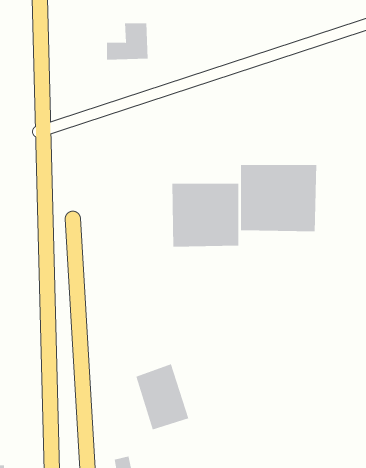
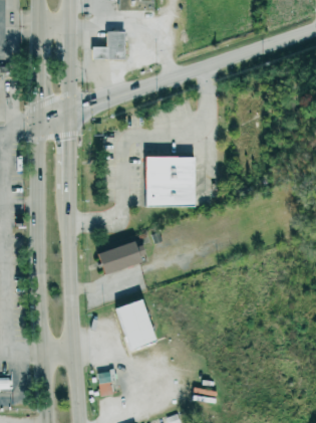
building: [241,164,317,232] -> none
building: none -> [96,240,144,273]

